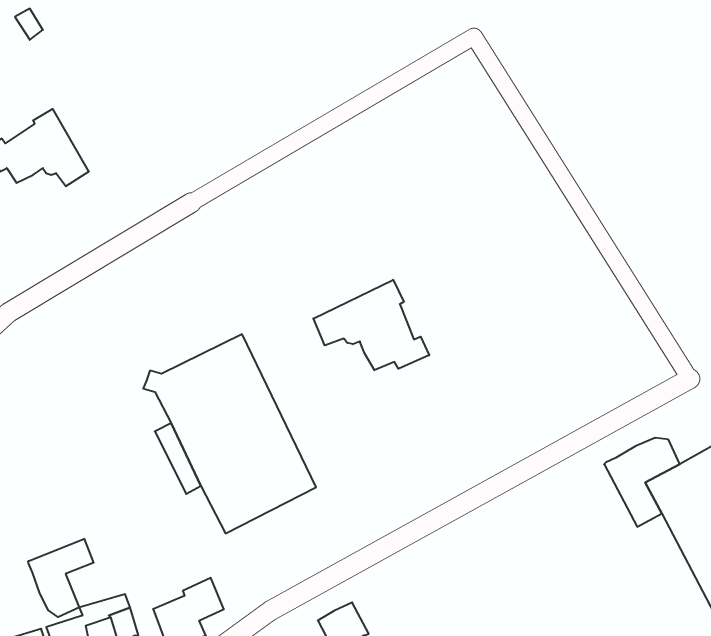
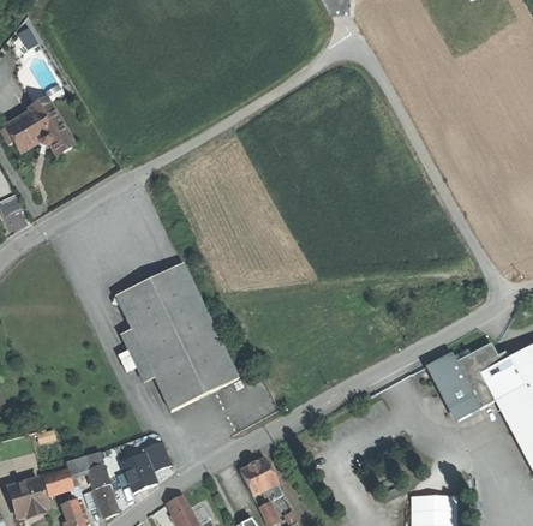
building: [313,280,429,370] -> none
building: none -> [423,347,473,414]
building: [28,539,94,617] -> none

